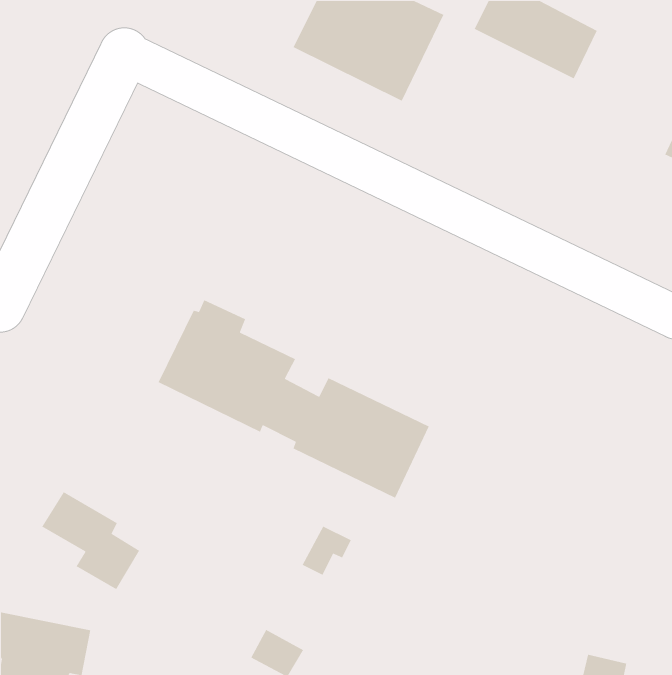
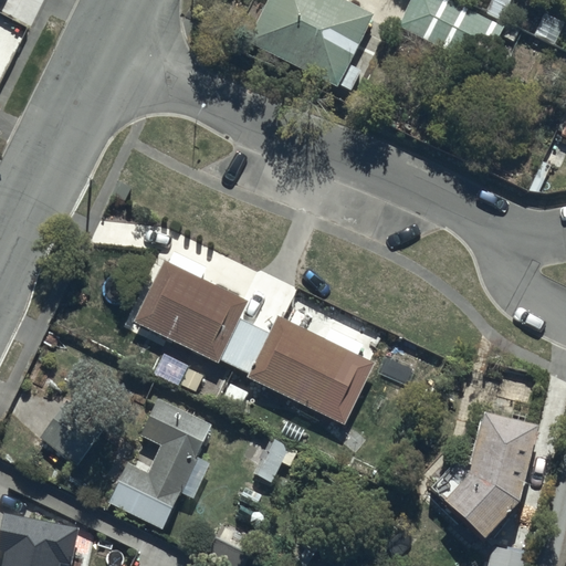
building: none -> [107,398,212,530]
building: none -> [432,410,536,538]

